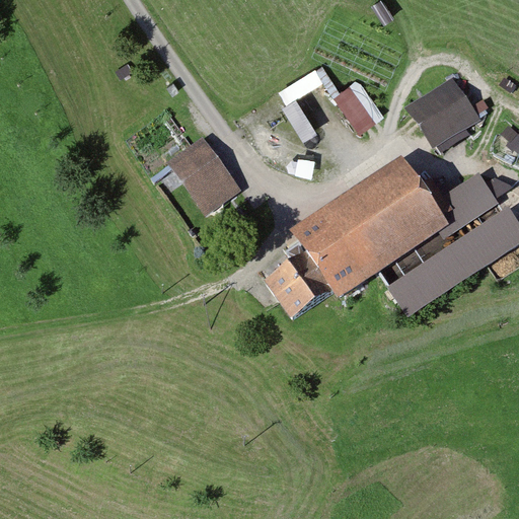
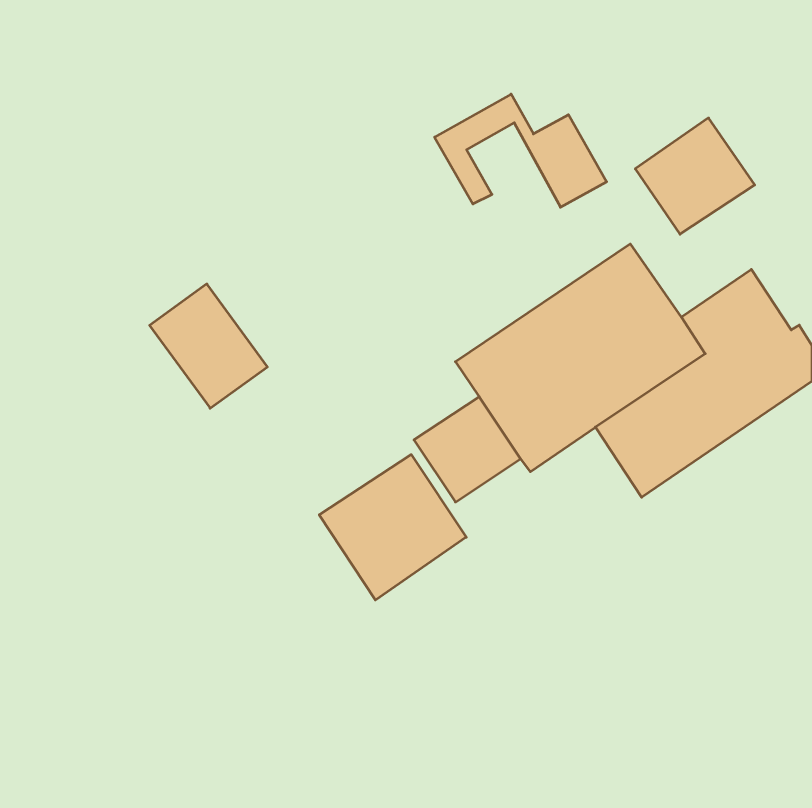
building: [166,136,241,215] -> [150,284,267,408]
building: none -> [319,455,466,600]

